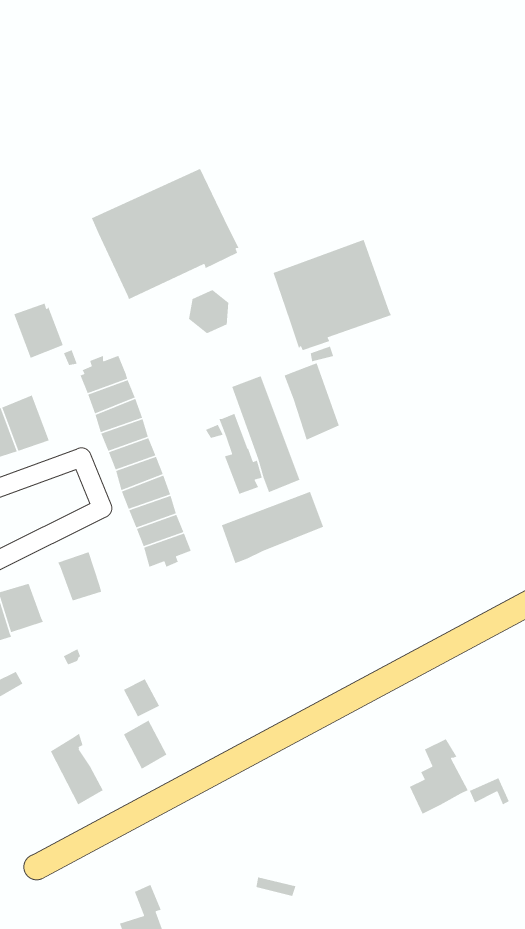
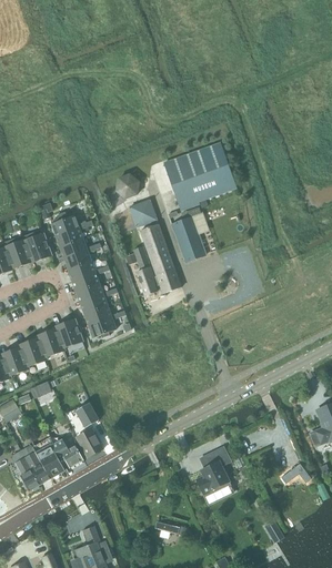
building: [91,168,240,300] -> none
building: [13,303,64,359] -> [22,229,52,262]
building: none -> [128,199,157,227]
building: [221,491,324,564] -> none
building: none -> [54,317,83,347]
building: none -> [19,336,46,367]
building: none -> [51,434,82,466]
building: [409,738,469,815] -> [194,449,230,495]
building: none -> [10,444,49,489]

